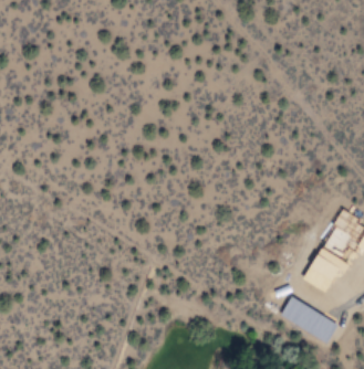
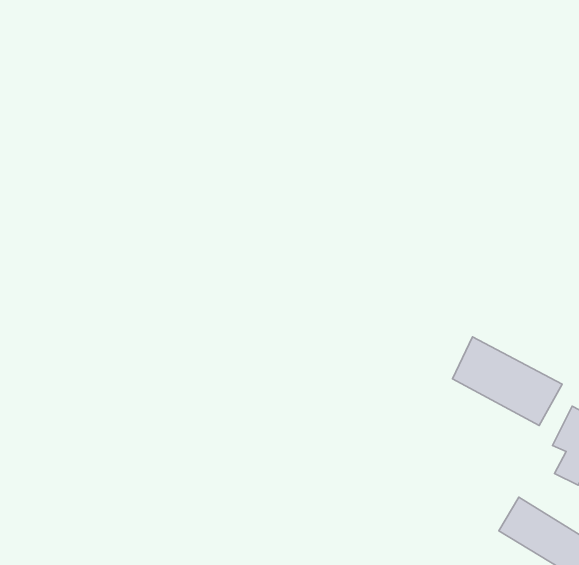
building: none -> [452,337,562,426]

